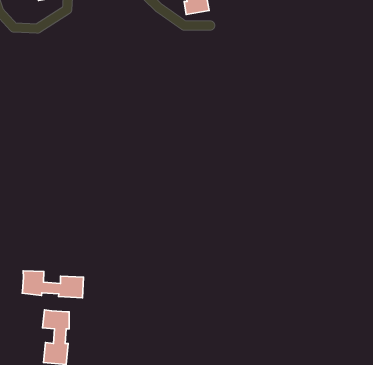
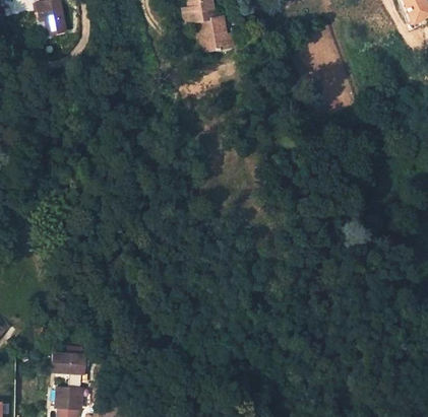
building: [22,271,83,298] -> none

